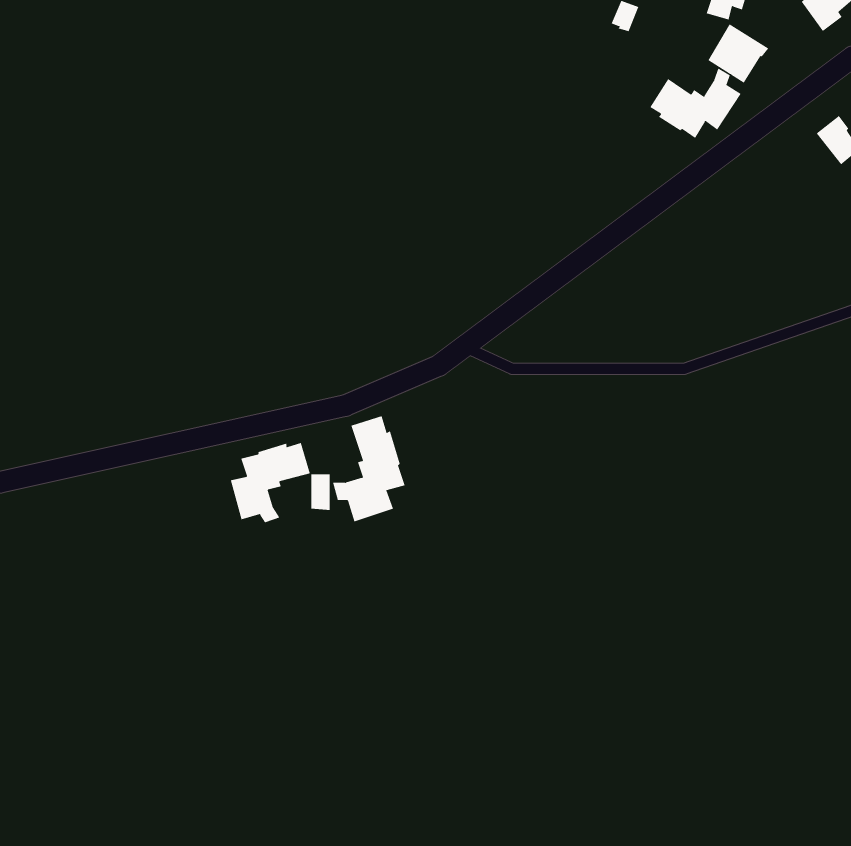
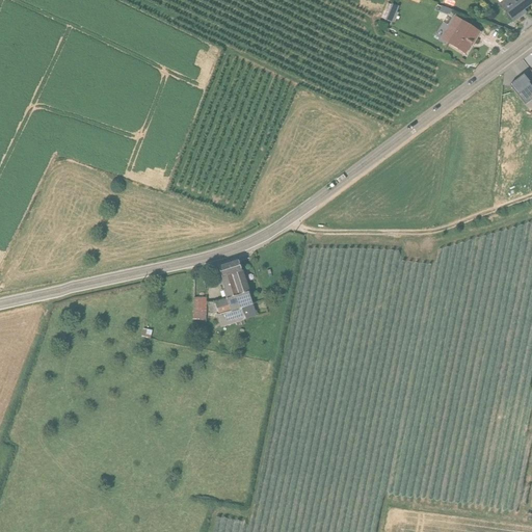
building: [649,68,741,139] -> none
building: [230,442,310,523] -> none

